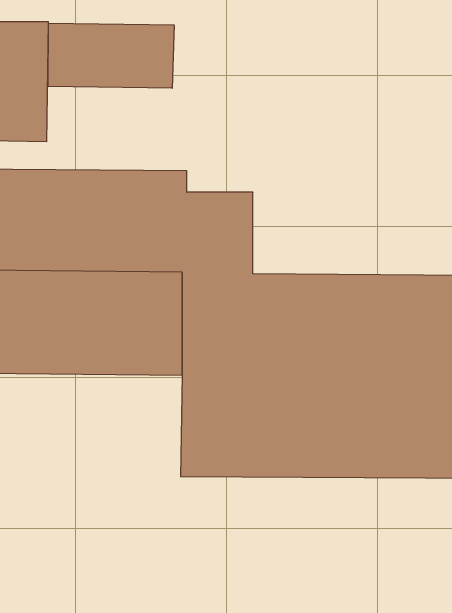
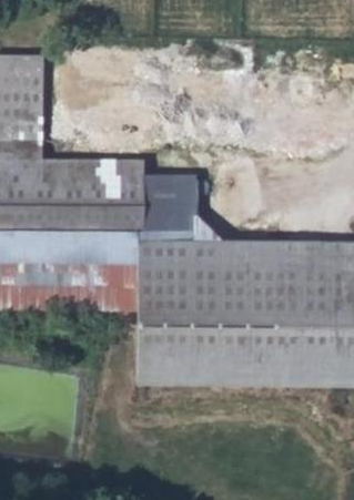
building: [48,23,174,88] -> none

